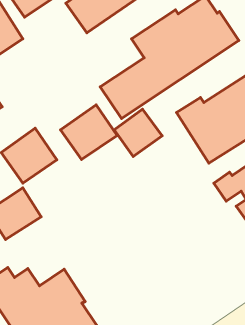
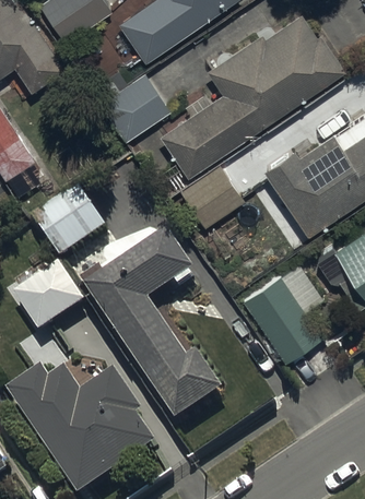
building: [61,105,117,160] -> [97,72,172,144]
building: none -> [84,234,226,426]
building: none -> [243,262,325,365]

